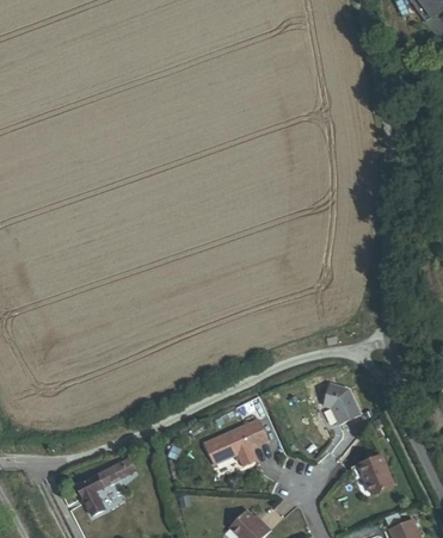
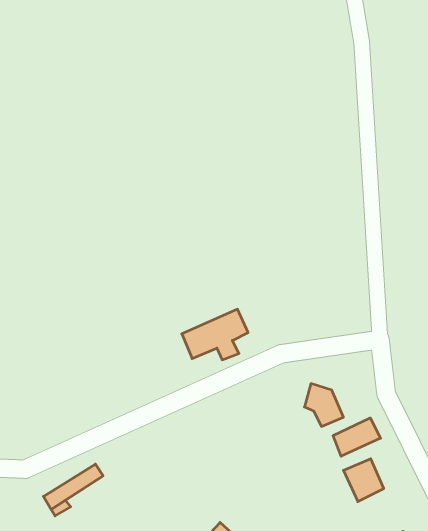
building: none -> [333,418,381,456]
building: [203,419,264,465] -> [182,309,248,360]

